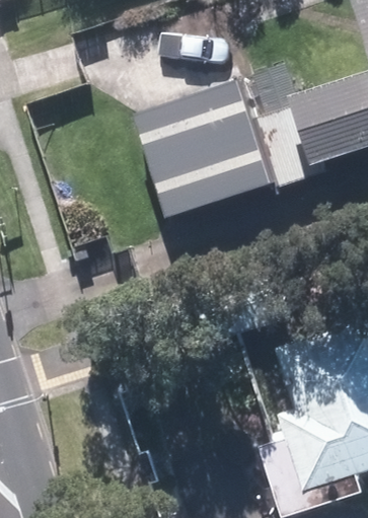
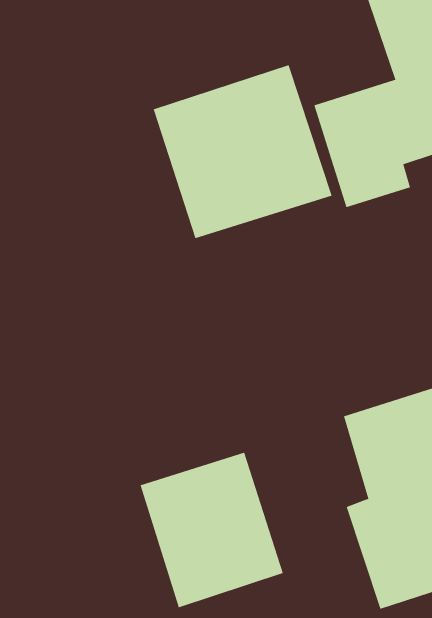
building: none -> [140,452,283,608]

